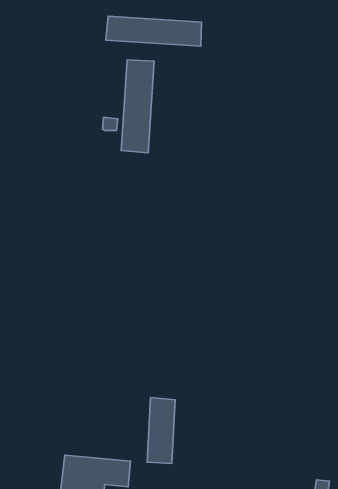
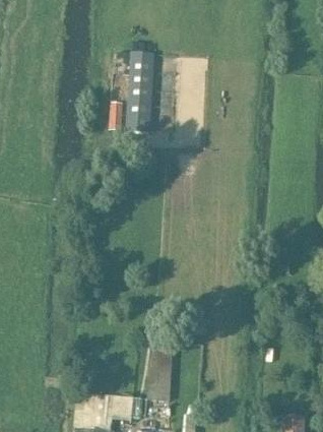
building: [106,16,202,46] -> none

